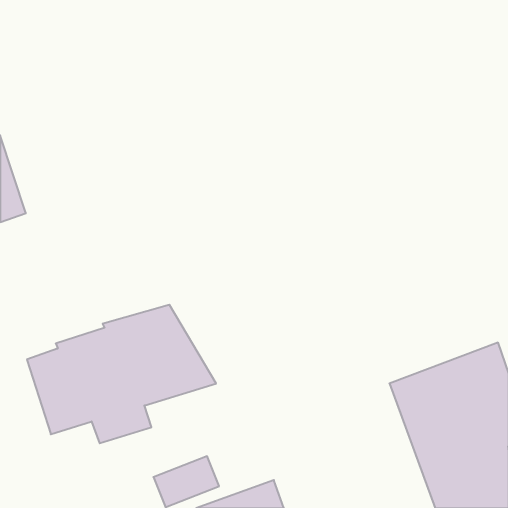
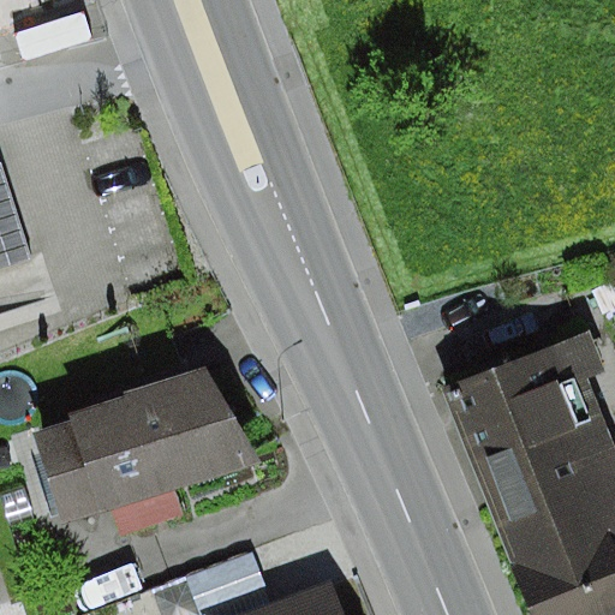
building: none -> [444,330,608,462]

